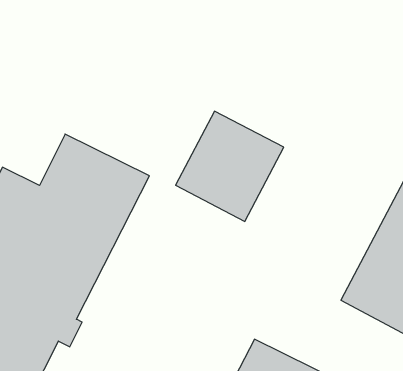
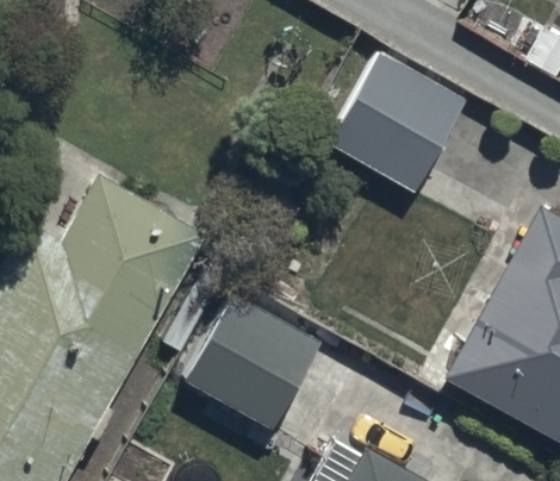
building: [176,111,284,221] -> [331,55,467,193]
building: none -> [195,304,319,430]

